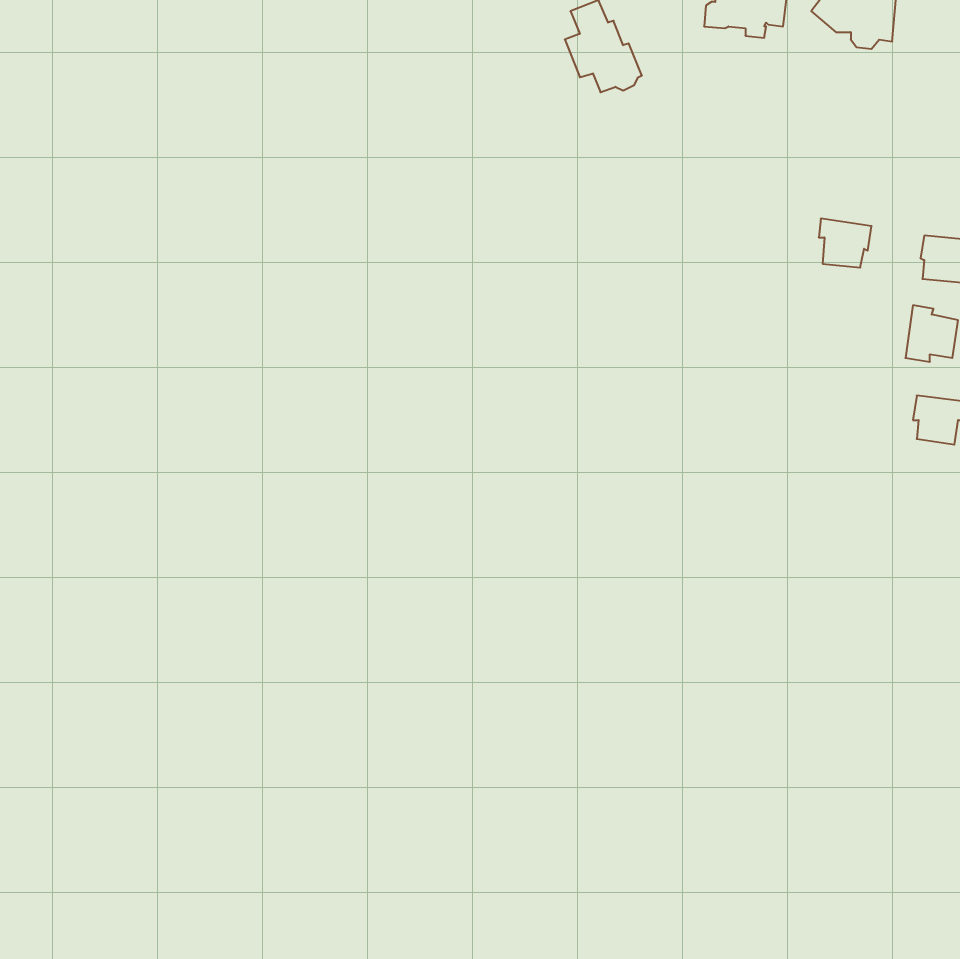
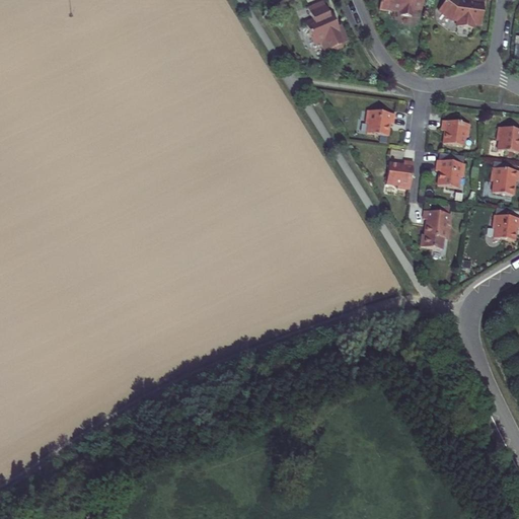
building: none -> [367,108,395,134]
building: none -> [437,159,466,188]
building: none -> [386,160,414,189]
building: none -> [422,210,453,249]

